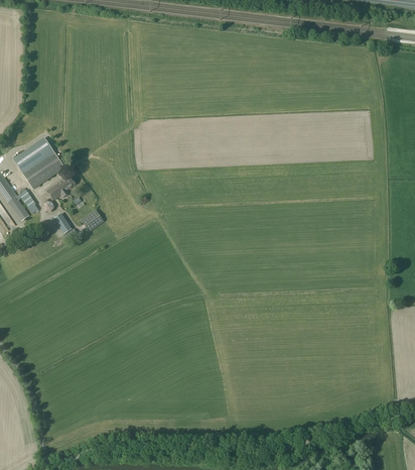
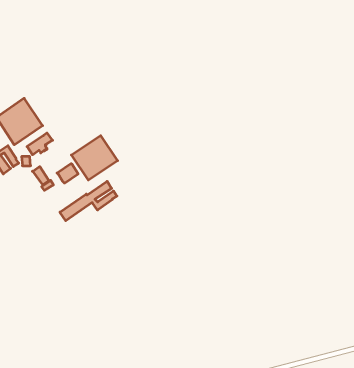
building: none -> [71,136,118,180]
building: none -> [60,181,117,221]

